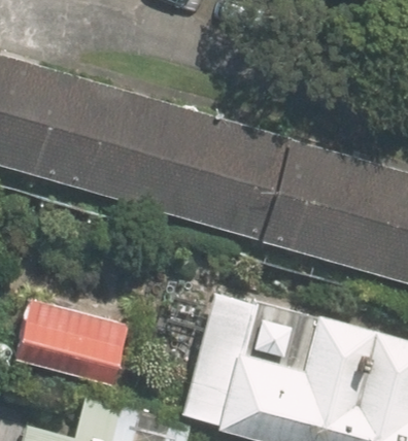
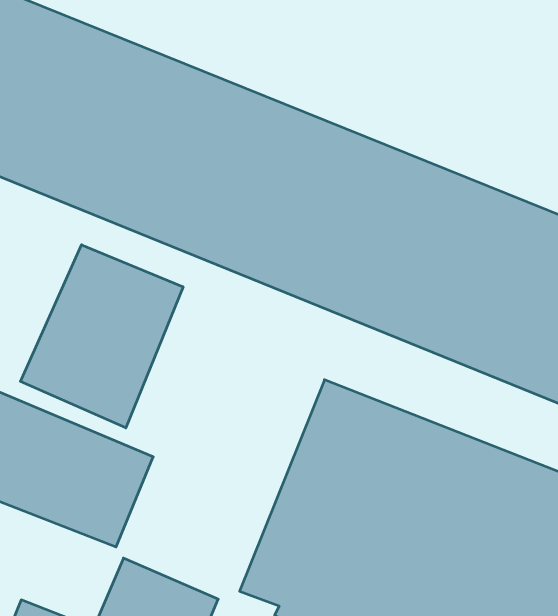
building: none -> [20,245,183,428]

